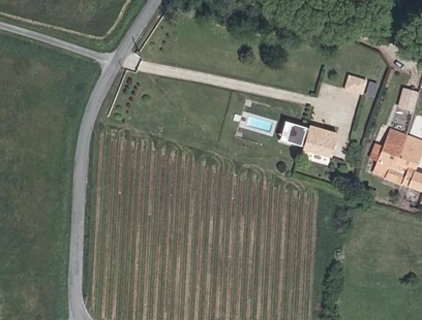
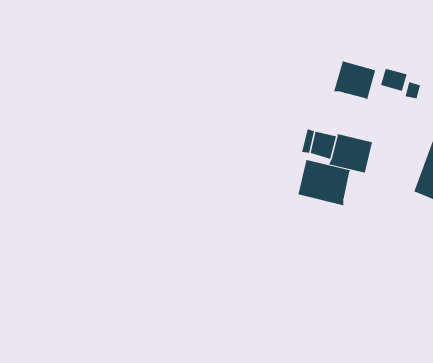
building: none -> [334,60,376,100]
building: none -> [298,159,351,206]

